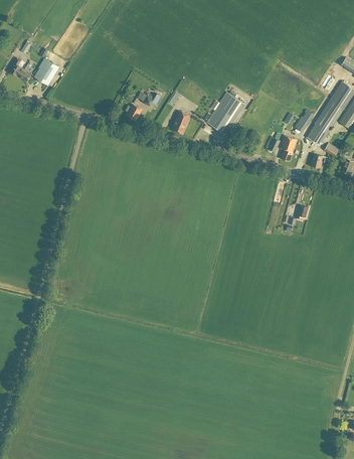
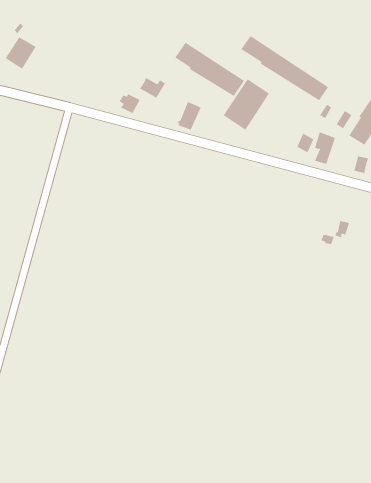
building: none -> [241,35,329,101]
building: none -> [175,42,245,97]

